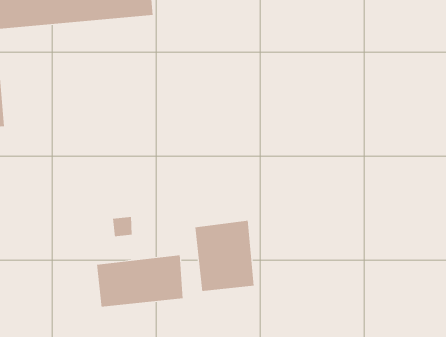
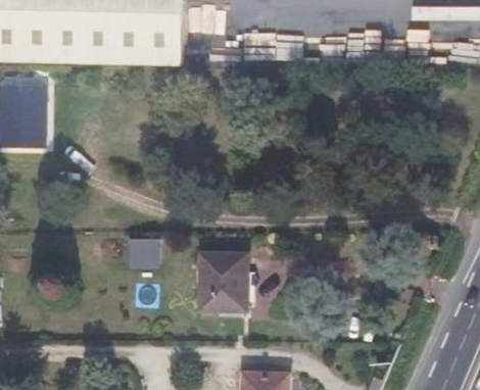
building: [97,254,183,308] -> none

